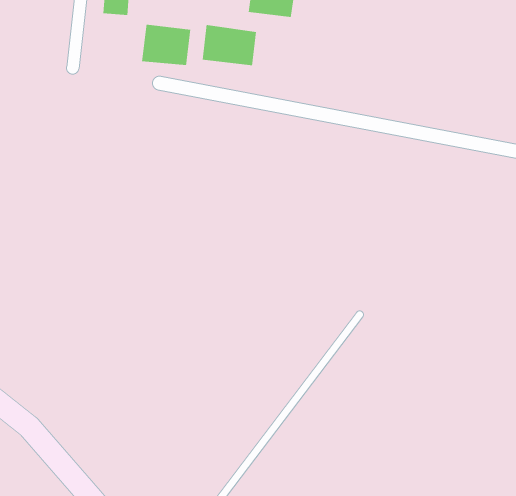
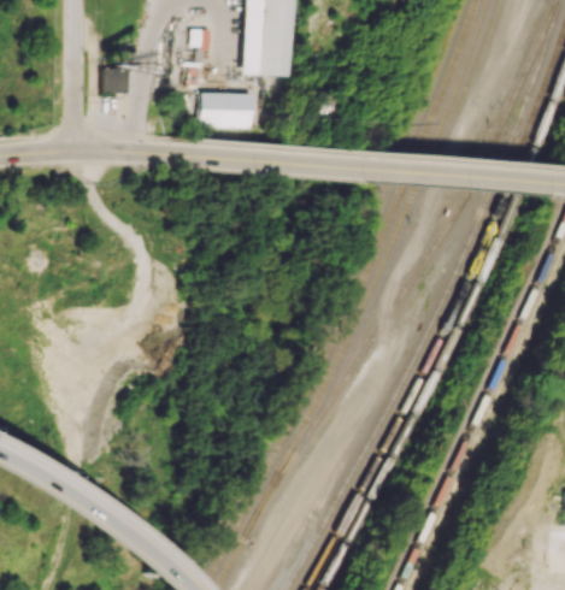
building: [142,24,191,66] -> none

